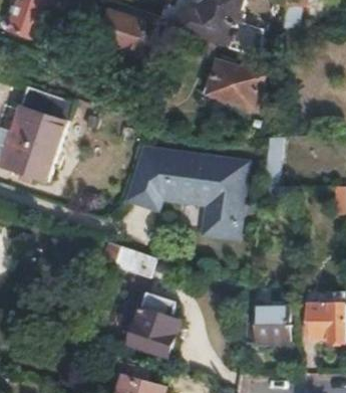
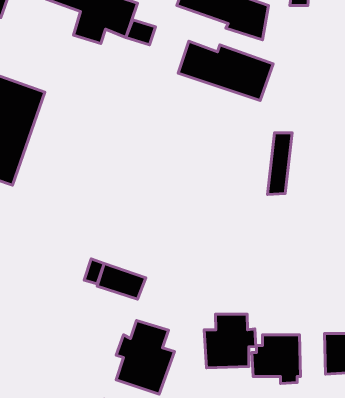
building: [126,150,242,235] -> none
building: none -> [204,314,256,368]

